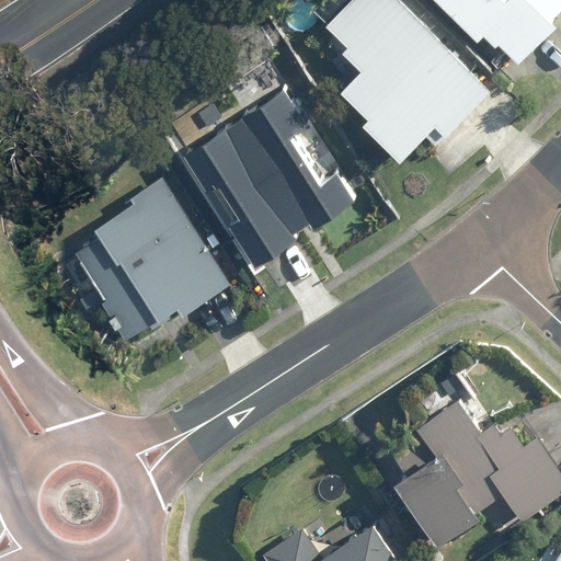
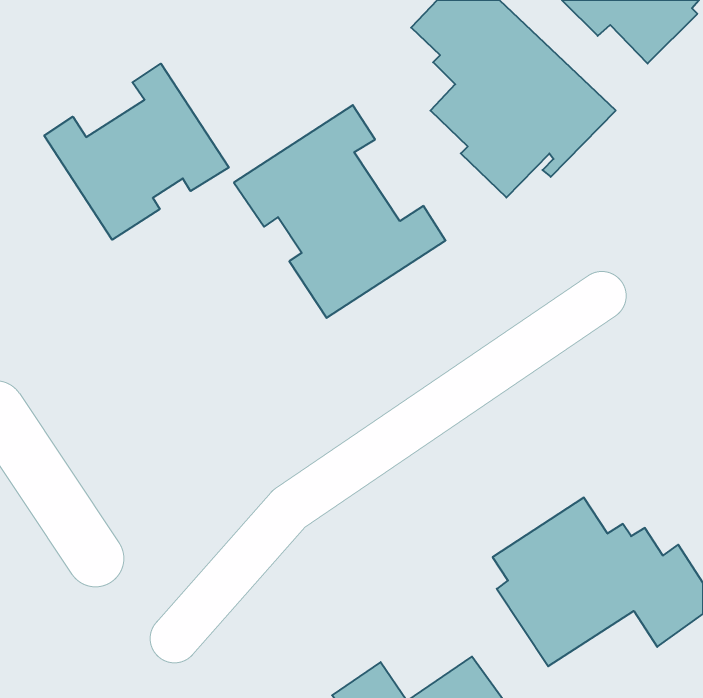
building: none -> [44,64,229,240]
building: [77,176,227,340] -> none

